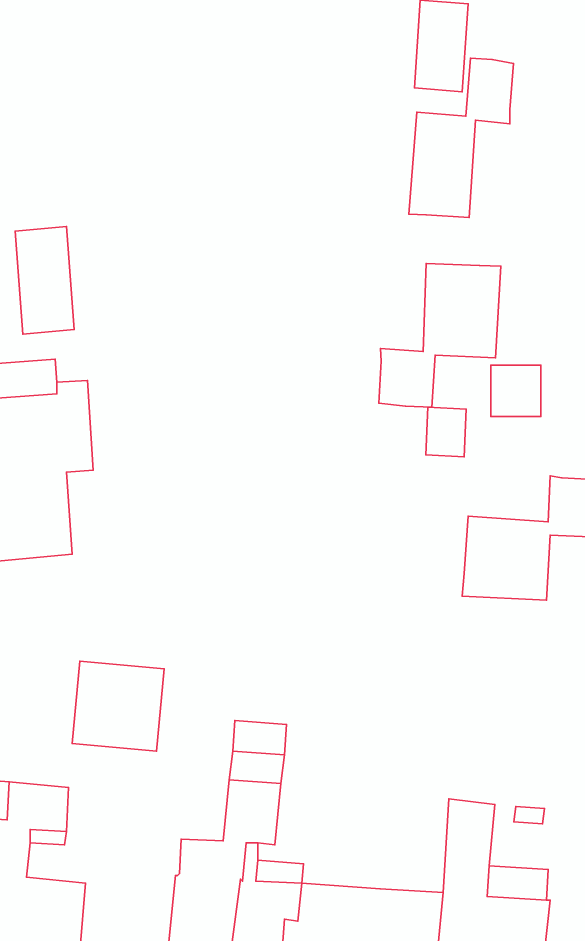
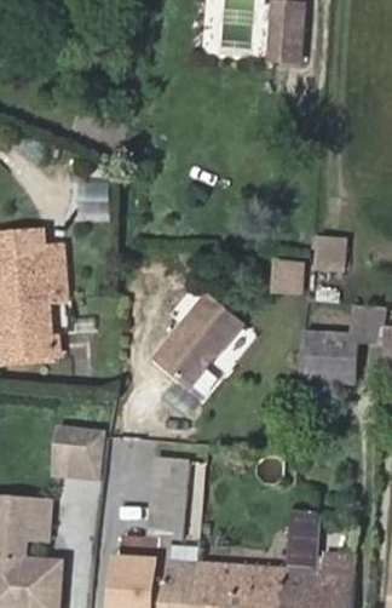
building: [409,58,513,217] -> none
building: [15,226,74,334] -> none
building: [379,263,501,407] -> none
building: none -> [155,296,242,388]

